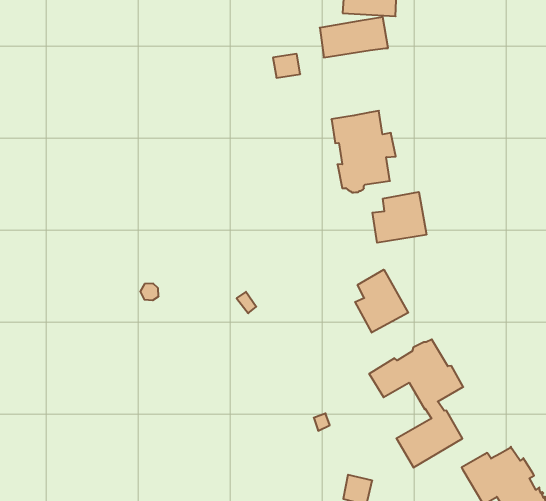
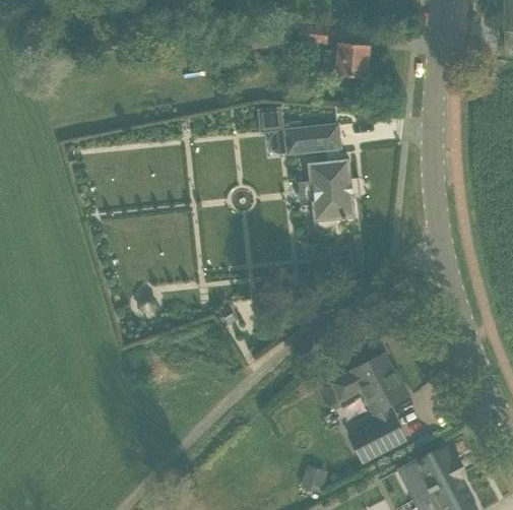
building: [320,17,388,57] -> [284,124,341,155]
building: [372,192,426,243] -> none
building: [355,270,408,333] -> none

